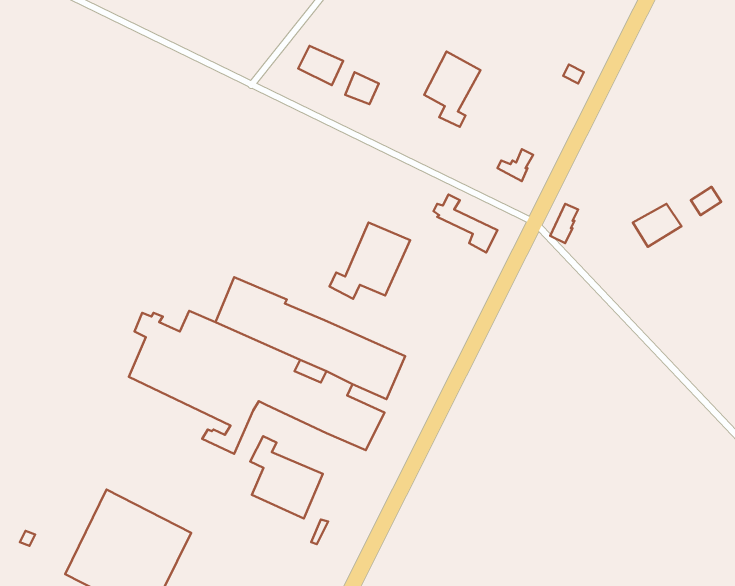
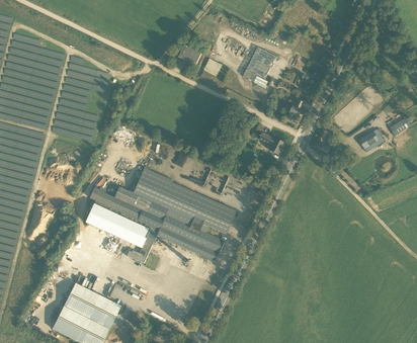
building: [330,223,410,299] -> none
building: [250,436,323,519] -> none

